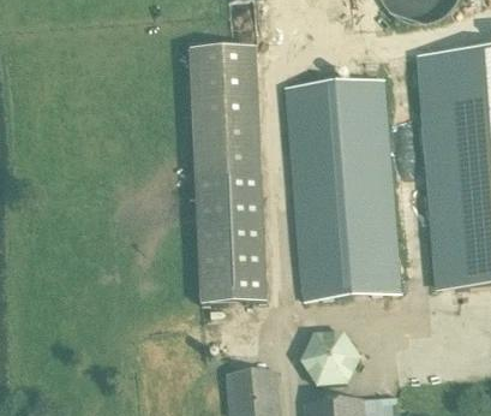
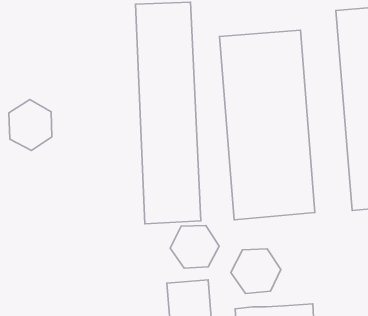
building: none -> [9,99,52,151]
building: none -> [170,226,219,268]

